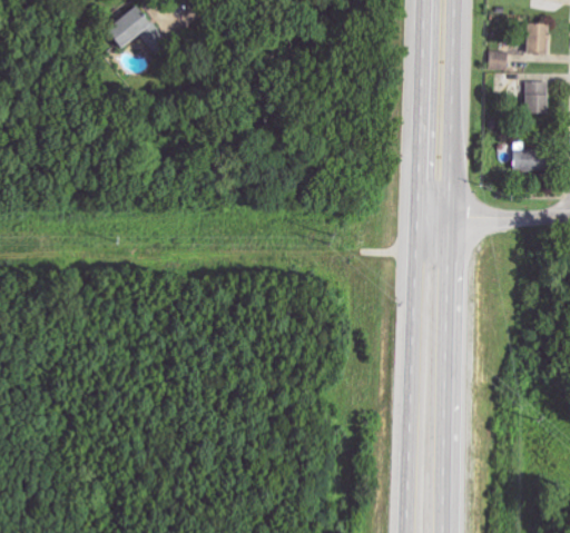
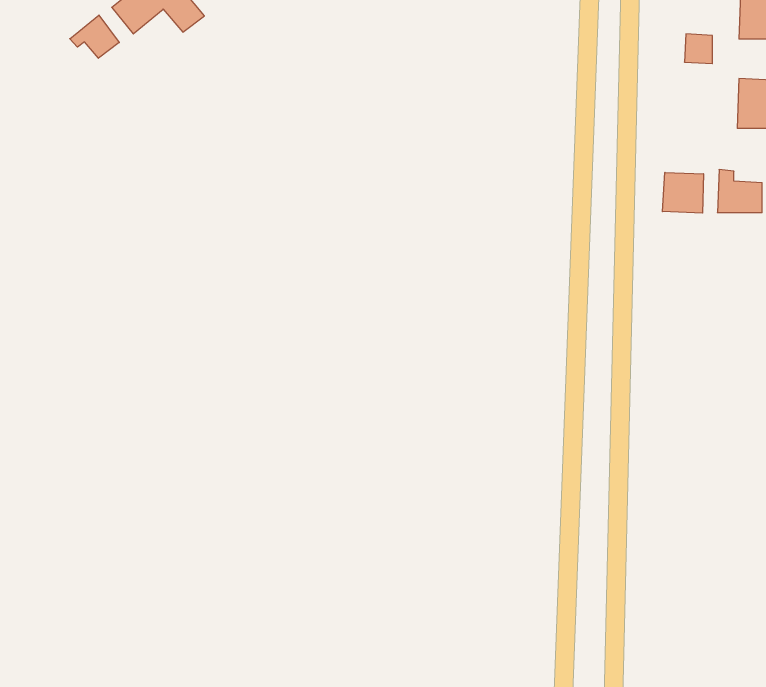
building: none -> [70,15,119,58]
building: none -> [662,172,703,213]

